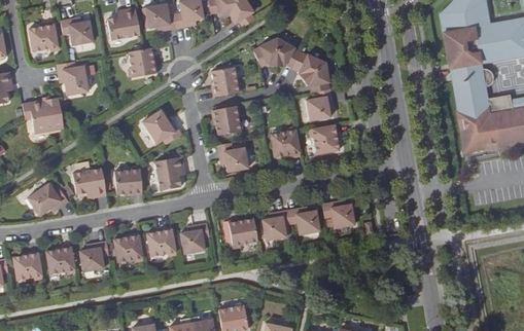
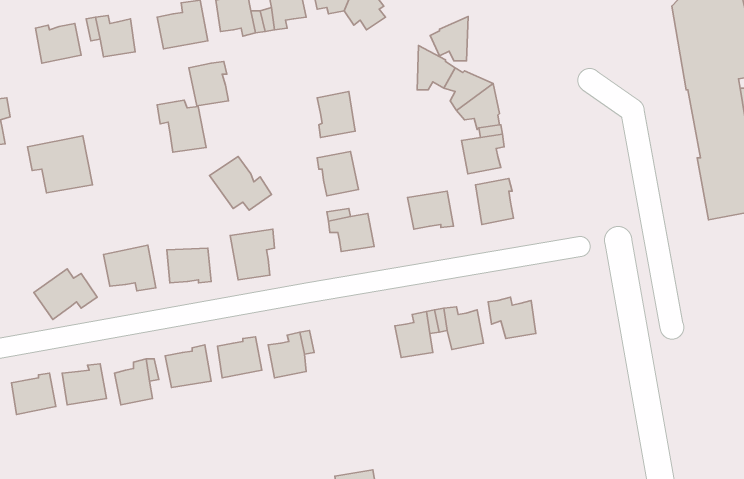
building: [251,36,276,65] -> [430,16,468,61]
building: [56,60,88,94] -> [157,100,206,152]
building: [226,217,256,242] -> none

